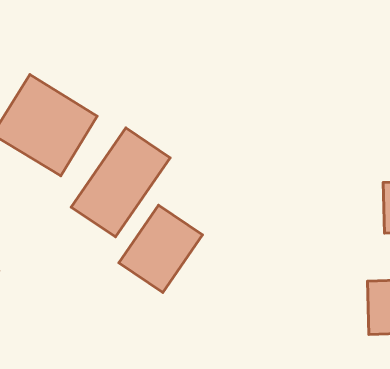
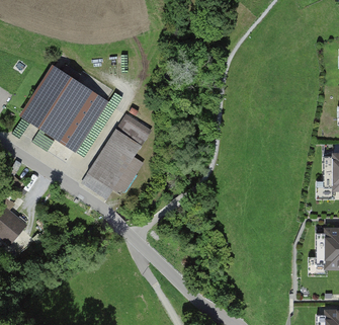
building: [119,205,202,293] -> none

